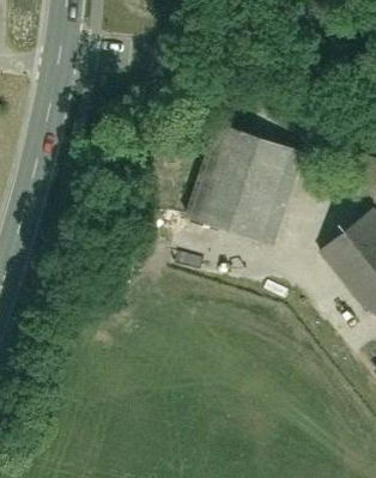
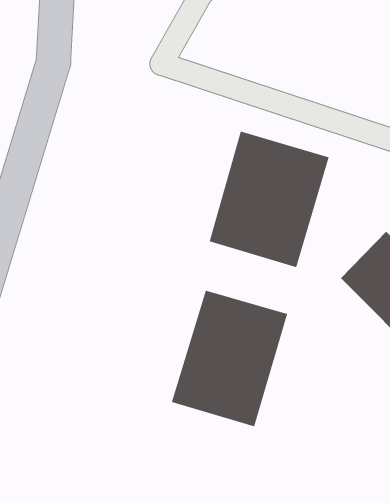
building: none -> [171,290,288,427]

